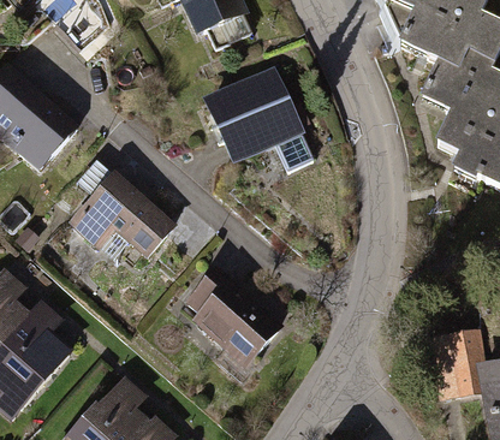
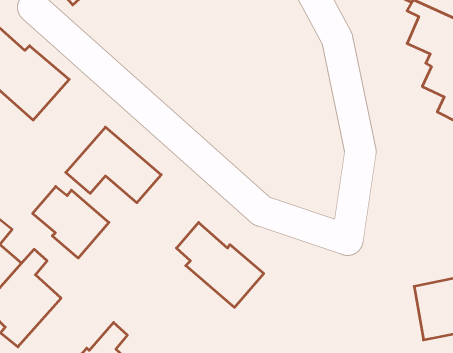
building: [209,72,314,170] -> none
building: none -> [33,186,109,258]

